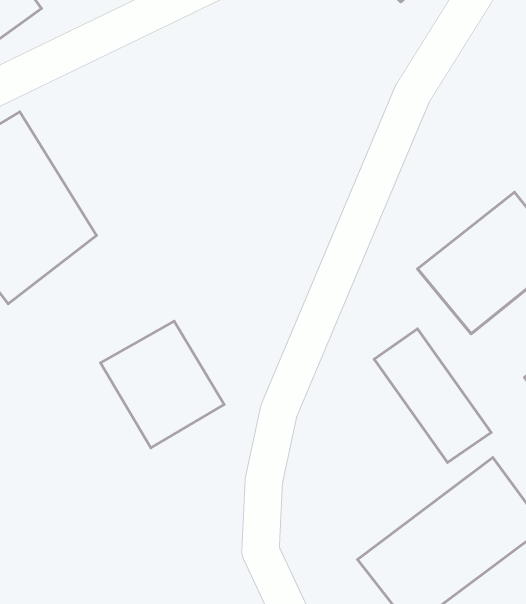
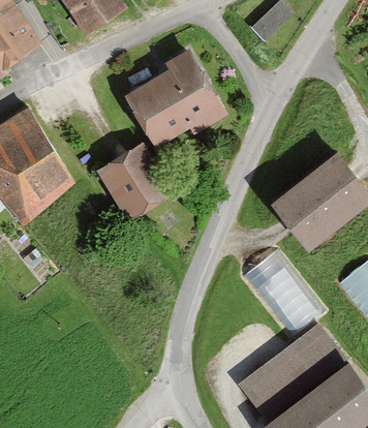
building: none -> [125,50,228,149]
building: [101,321,224,448] -> [96,145,173,223]

